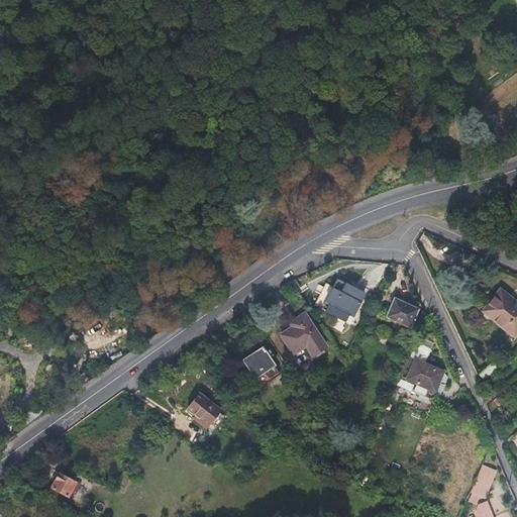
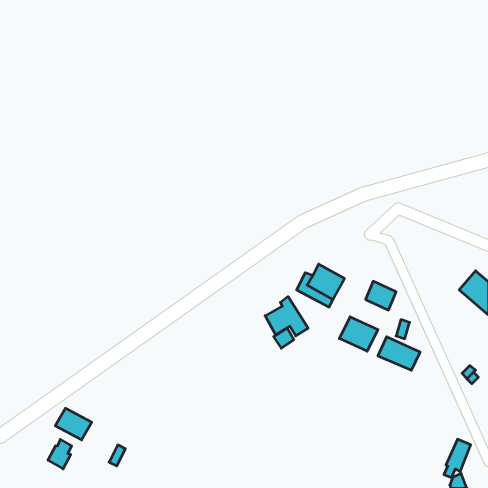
building: none -> [339,317,378,351]
building: [242,346,279,380] -> none
building: [188,393,221,427] -> none
building: none -> [55,408,92,440]

